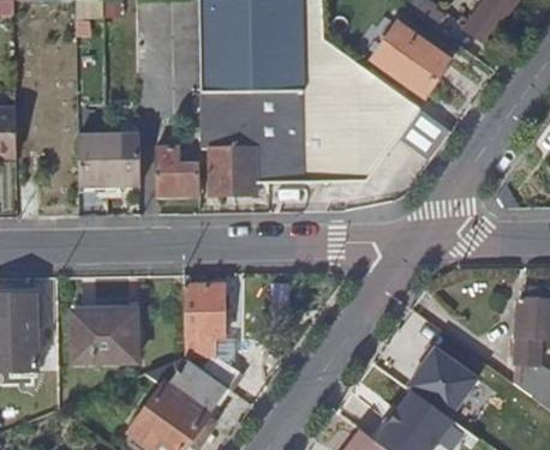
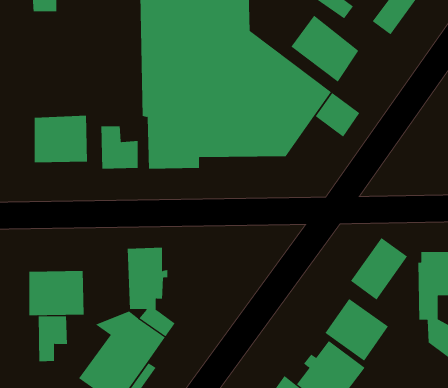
building: none -> [350,237,408,301]
building: none -> [38,315,68,362]

